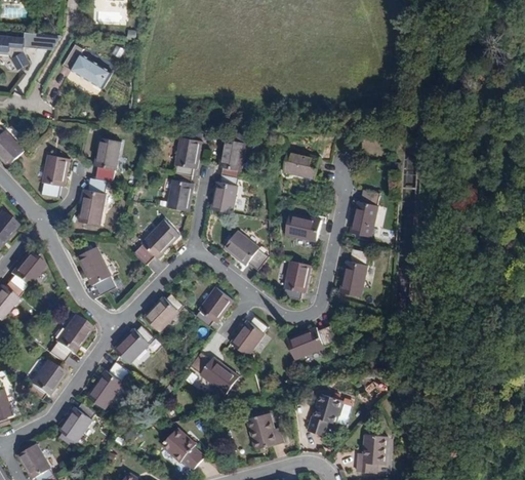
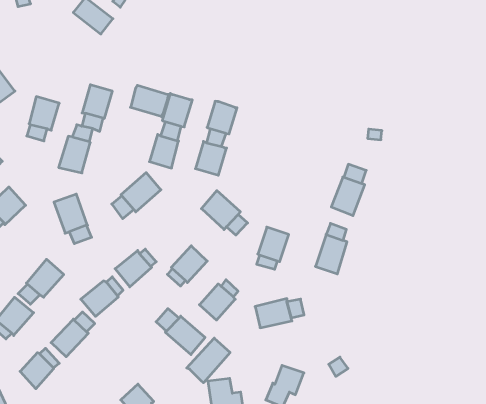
building: none -> [130,85,168,117]
building: [285,153,317,181] -> none
building: [285,213,321,242] -> none
building: none -> [187,338,230,383]

